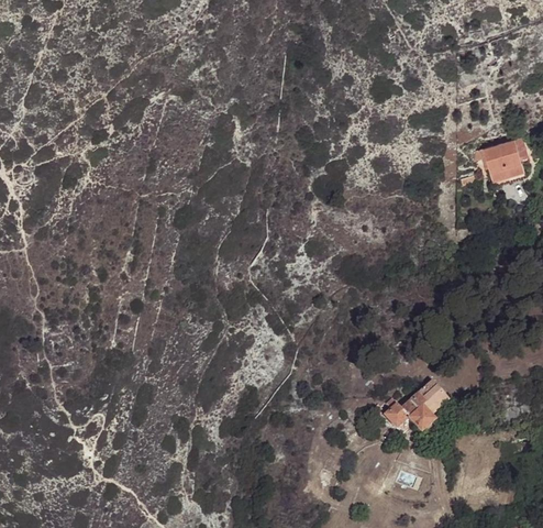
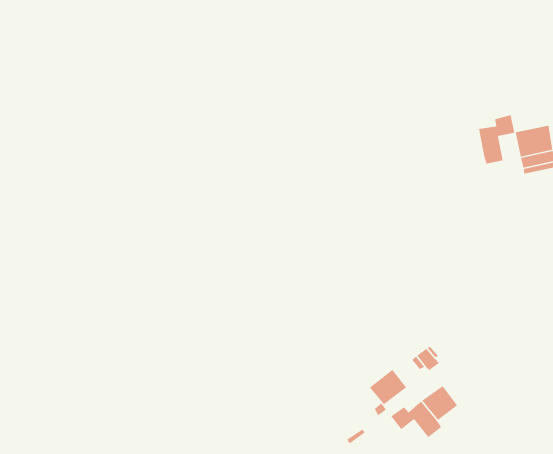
building: none -> [478,114,515,164]
building: none -> [369,369,407,405]

